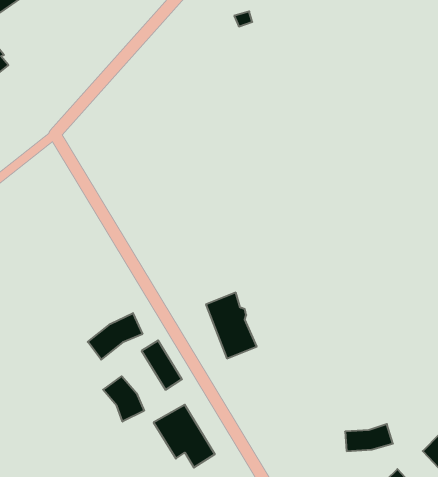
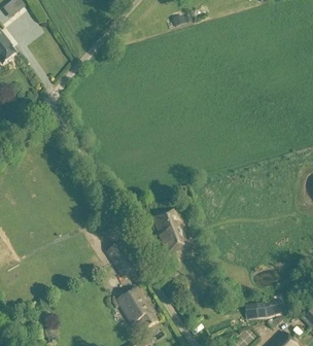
building: [88,313,142,360] -> none
building: [103,376,144,422] -> none

